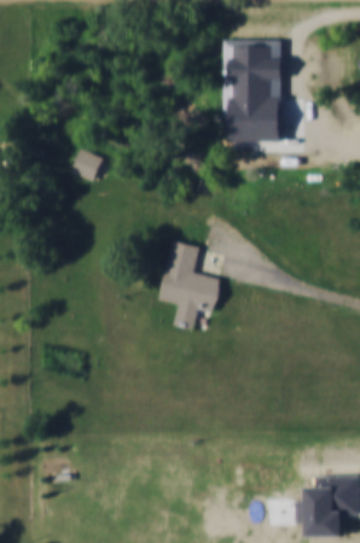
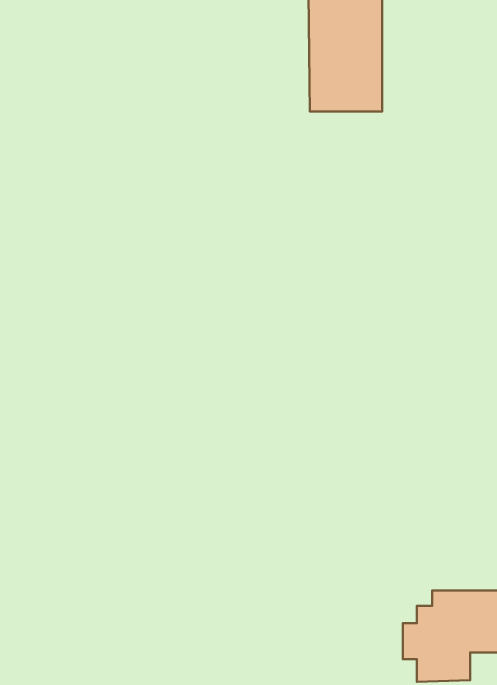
building: [69,150,101,180] -> none
building: [157,240,219,329] -> none

